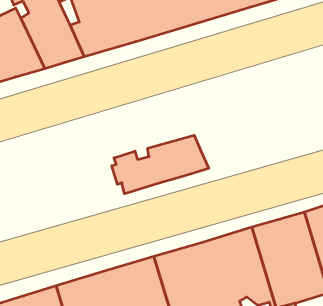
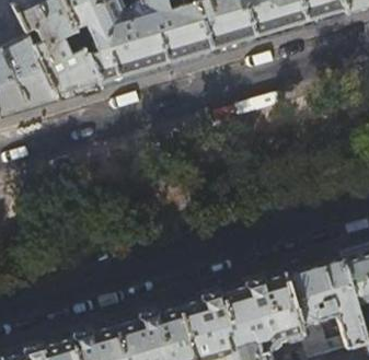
building: [112,135,209,194] -> none

